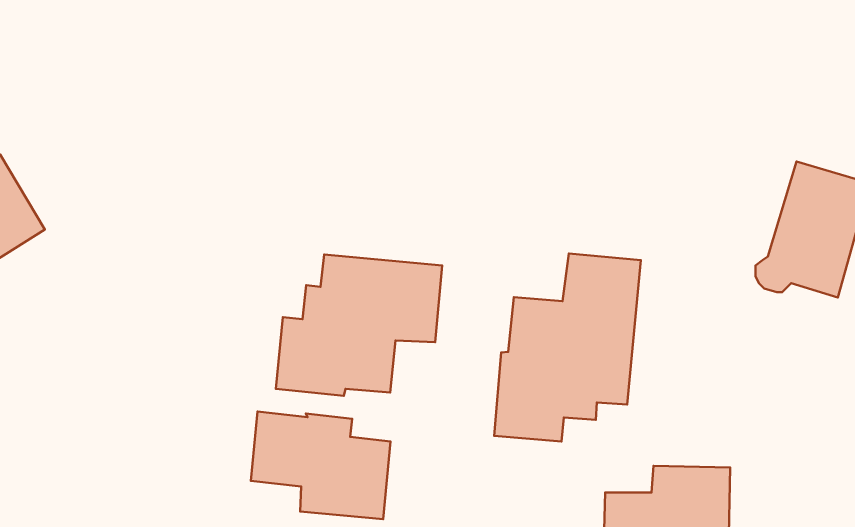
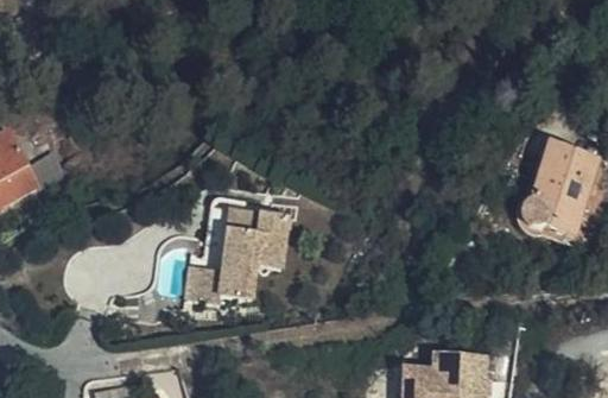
building: [494,253,641,442] -> none
building: [251,411,391,519] -> none

